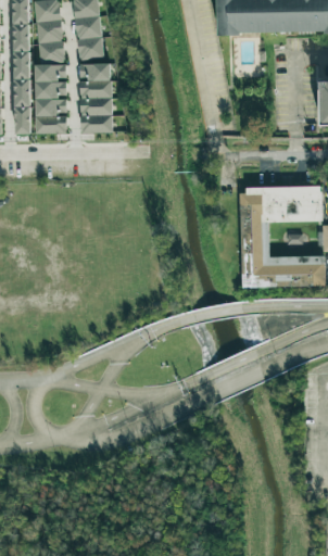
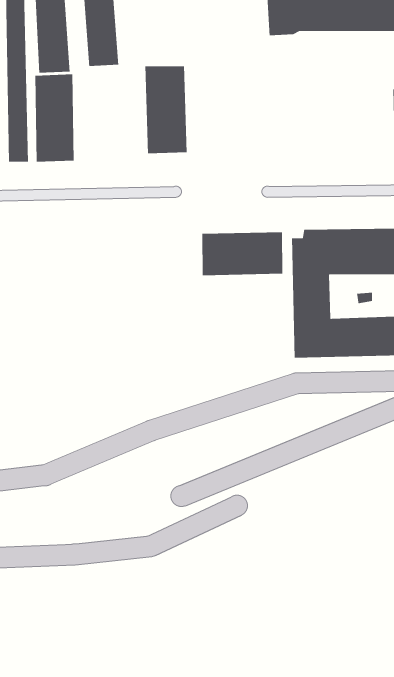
building: [79,64,113,134] -> [145,65,188,154]
building: none -> [202,231,283,276]

